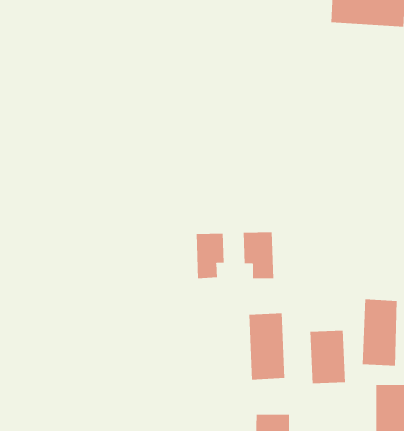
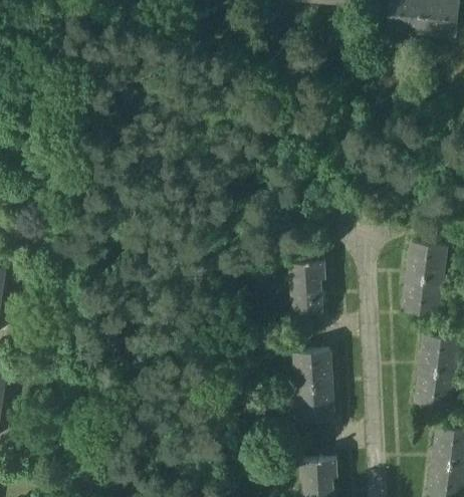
building: none -> [400,241,445,314]
building: [196,233,224,279] -> none
building: [310,330,346,384] -> none

